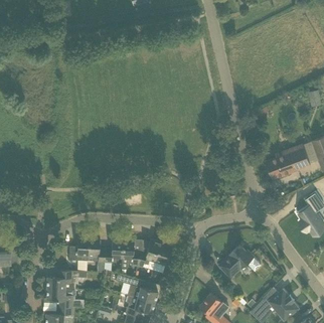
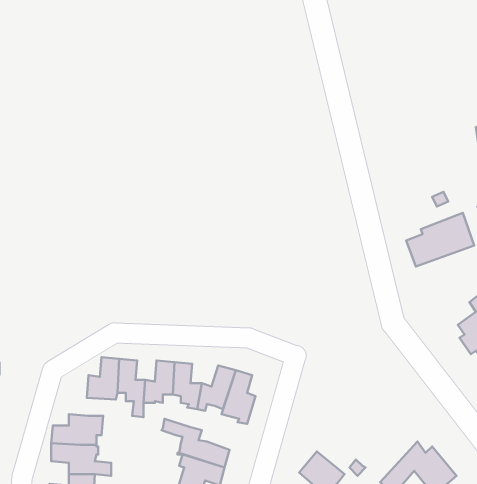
building: [219,246,262,278] -> none

